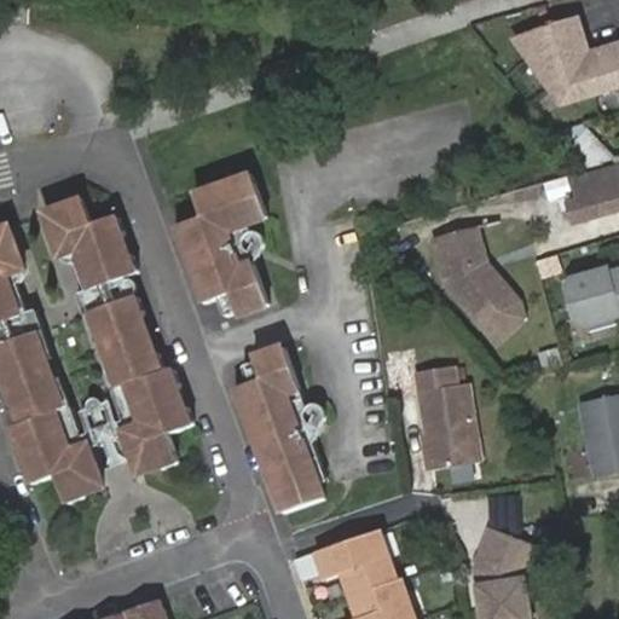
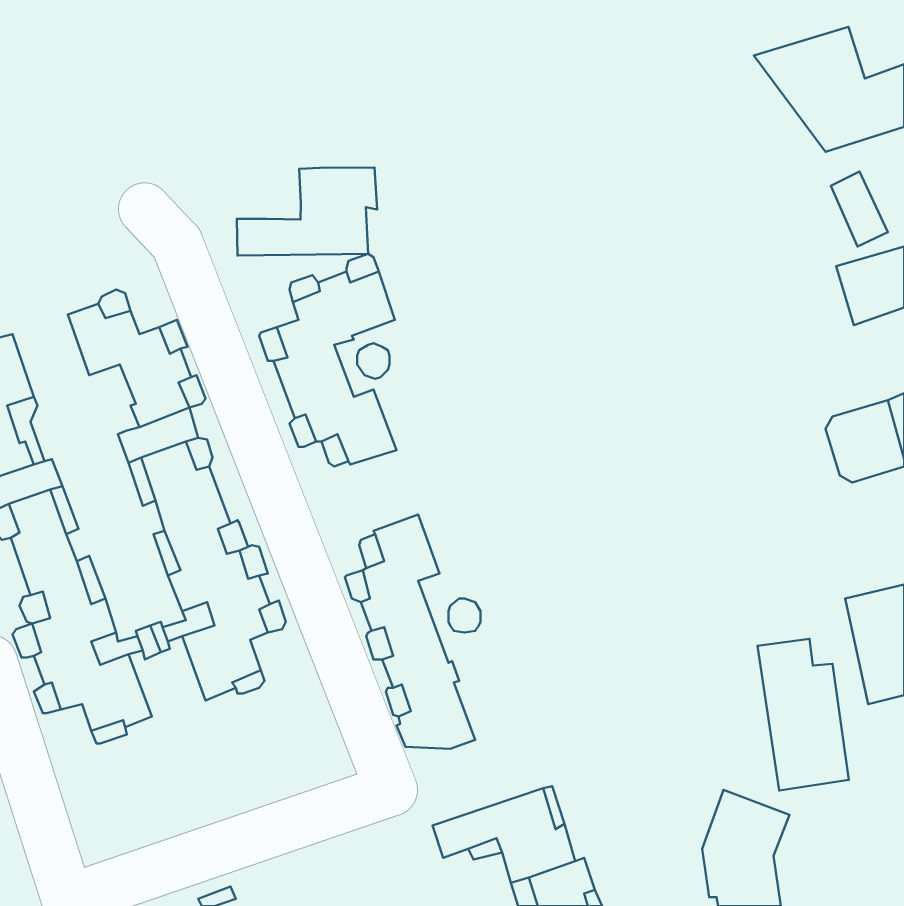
building: none -> [237,167,377,256]
building: [428,224,521,341] -> none
building: [413,369,475,472] -> [758,639,849,791]

